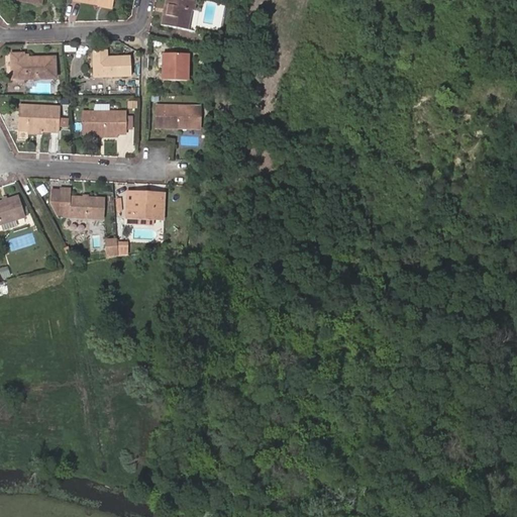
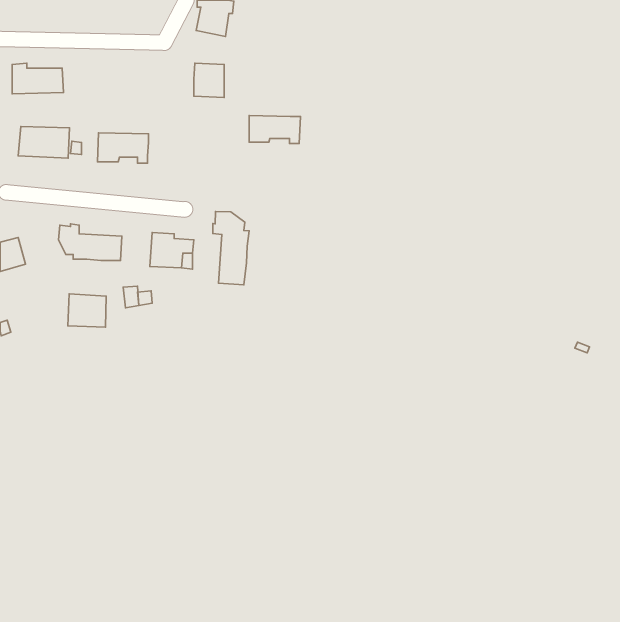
building: [90,51,126,79] -> none
building: [157,106,199,129] -> [249,115,300,143]
building: none -> [213,211,249,285]
building: none -> [68,294,106,327]

